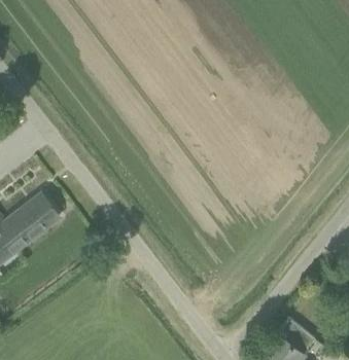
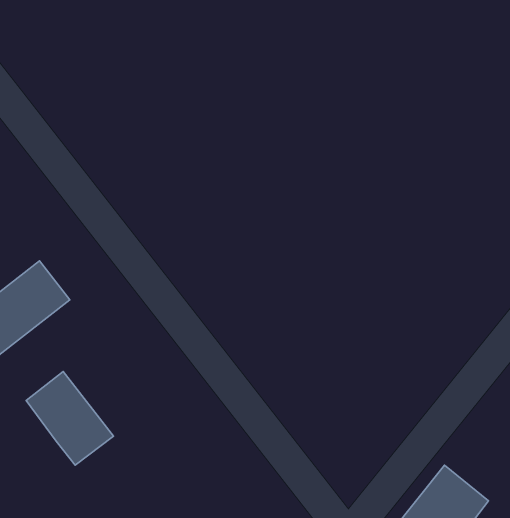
building: none -> [26,371,114,465]

